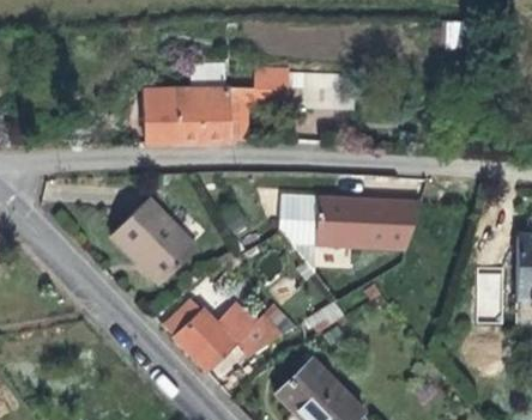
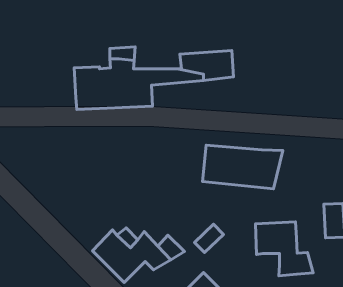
building: [280,190,314,243] -> none
building: [108,194,194,280] -> none
building: none -> [255,222,313,276]

